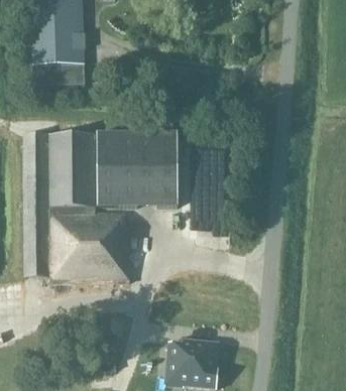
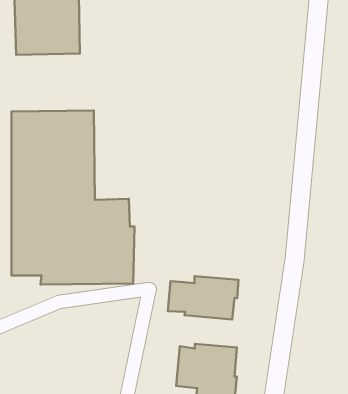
building: [99,132,180,206] -> none
building: none -> [168,276,238,320]

